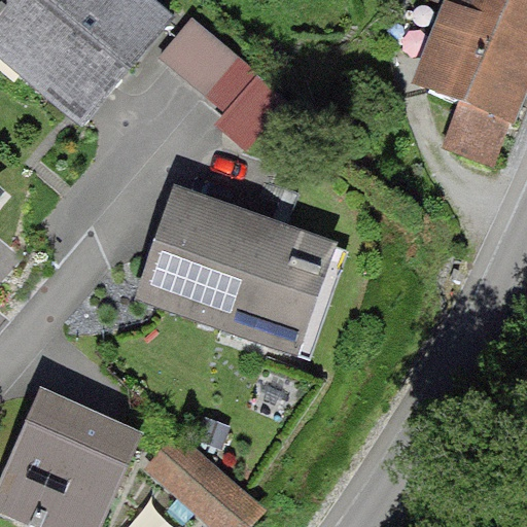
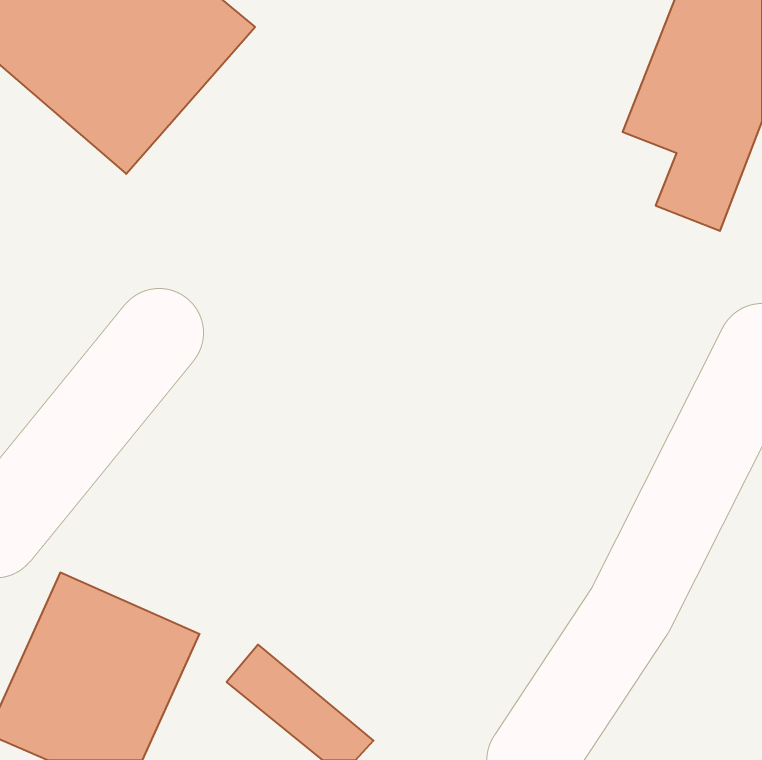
building: [156,15,260,115] -> none
building: [143,188,331,347] -> none

